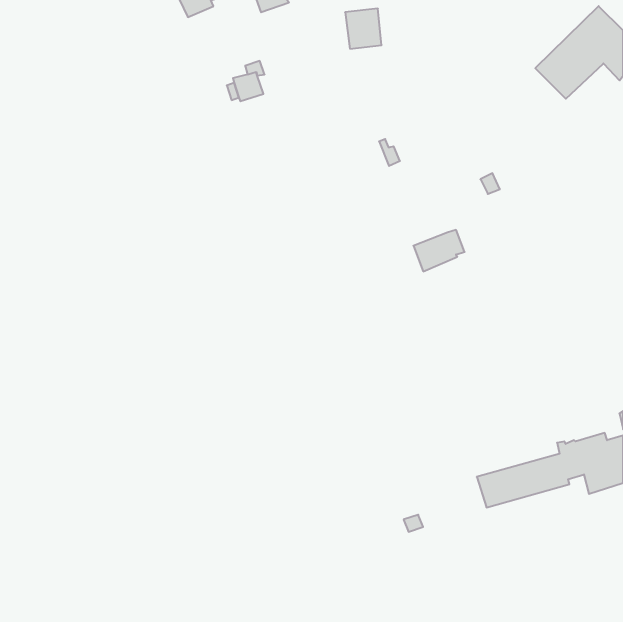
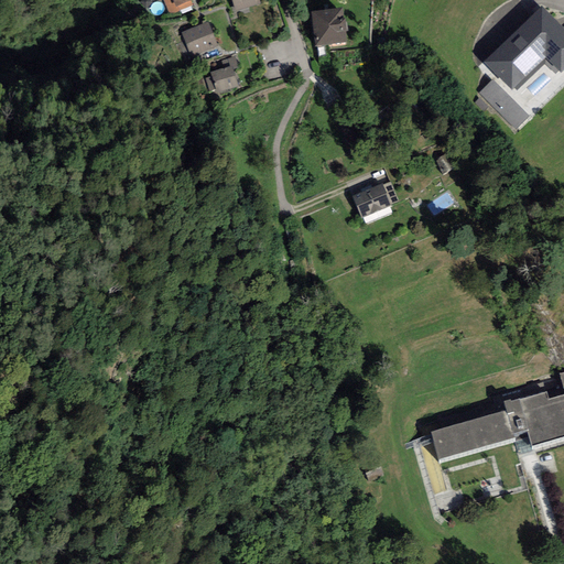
building: none -> [182,22,217,55]
building: none -> [479,78,529,129]
building: [413,230,465,271] -> [352,181,399,218]

